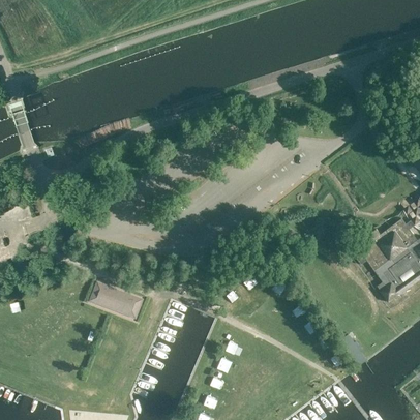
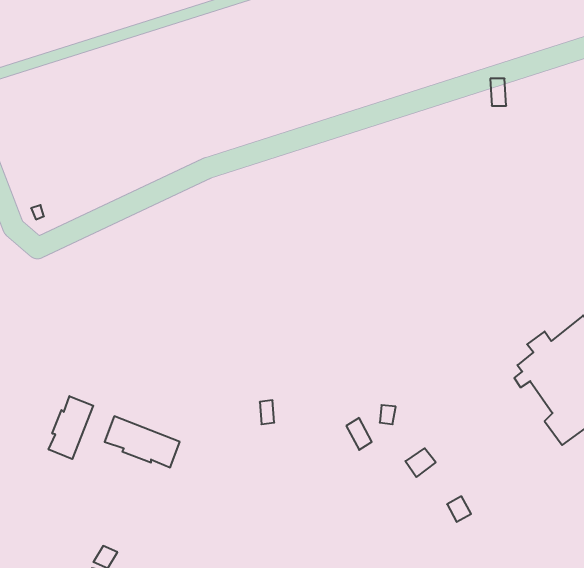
building: none -> [49,396,93,459]

